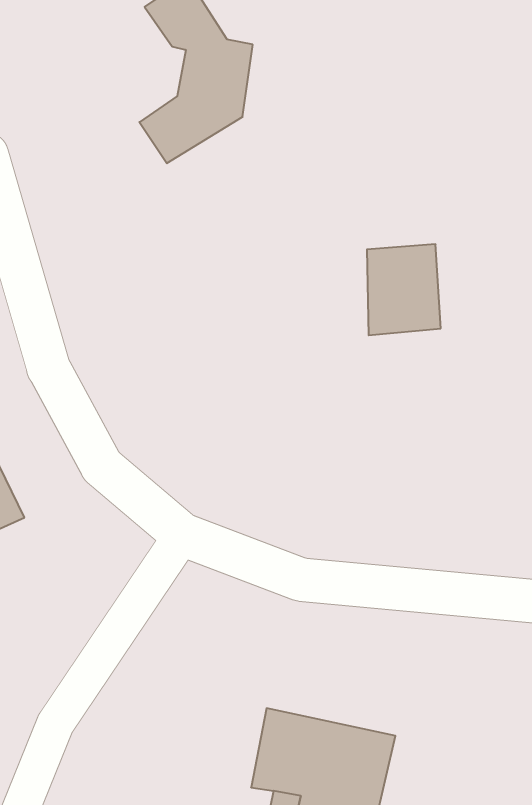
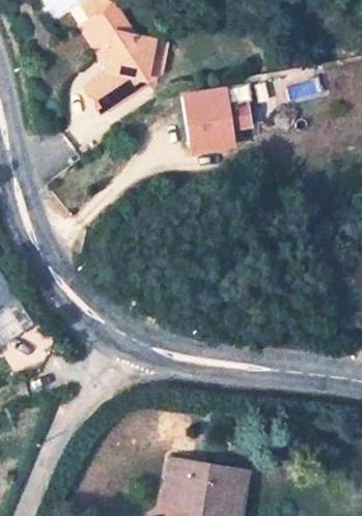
building: [367,244,441,335] -> [188,94,232,149]

